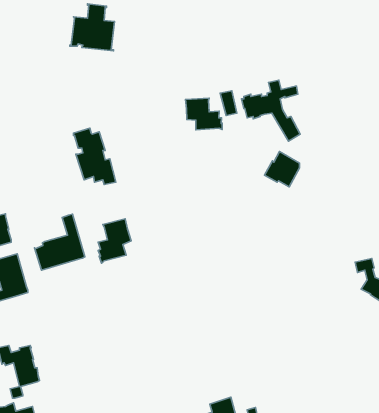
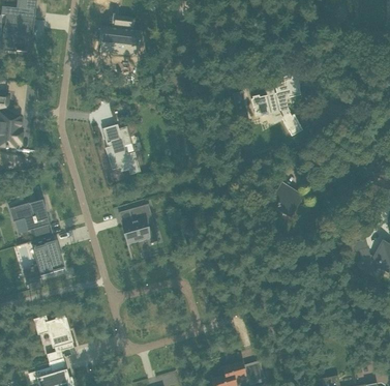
building: [186,98,222,130] -> none
building: [264,152,300,187] -> [268,184,299,215]
building: [35,214,85,270] -> none

